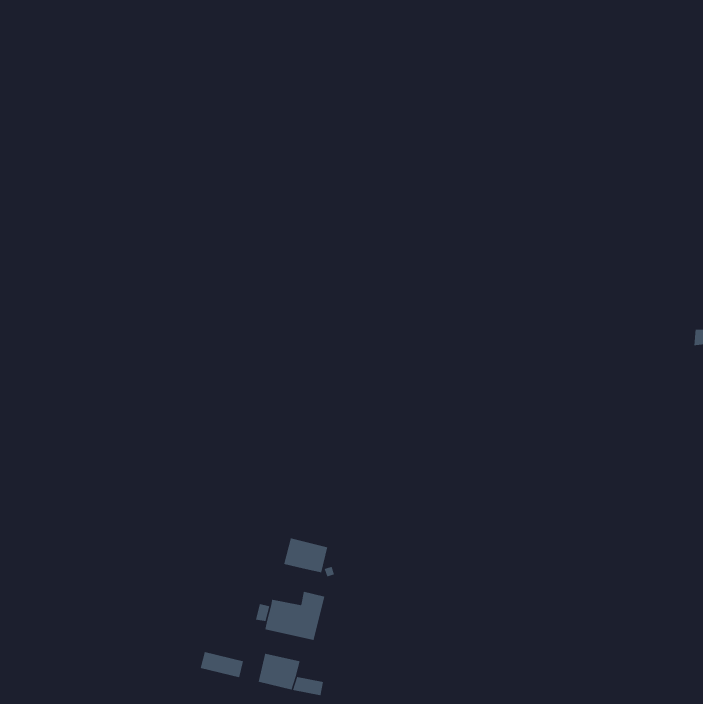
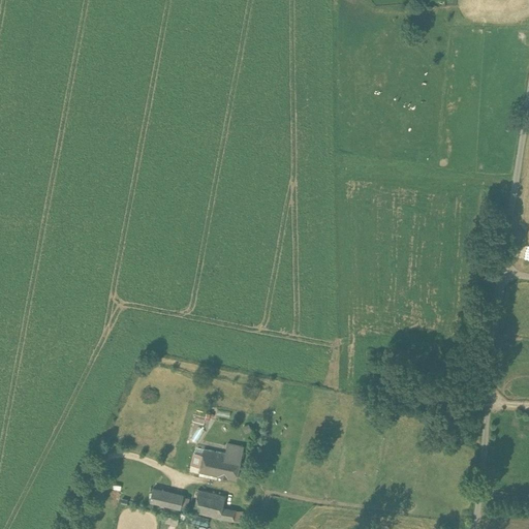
building: [283,538,328,573] -> none

